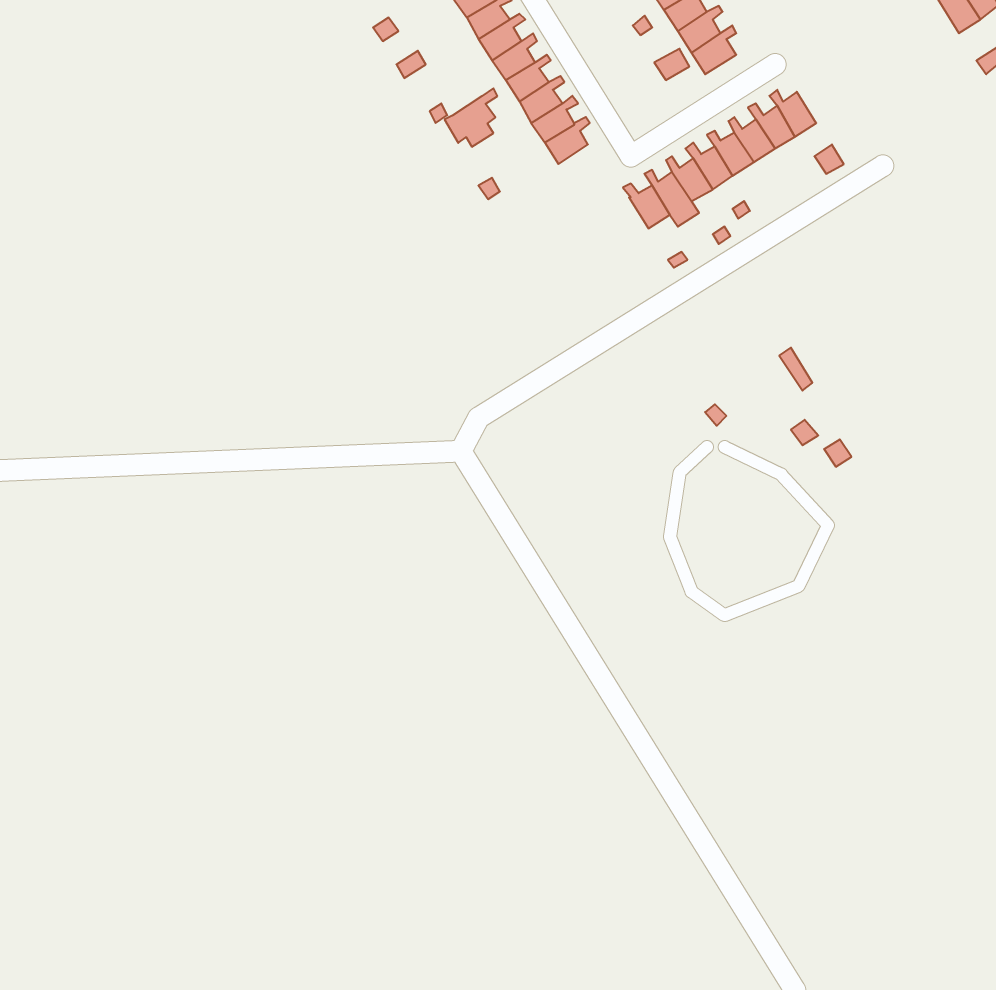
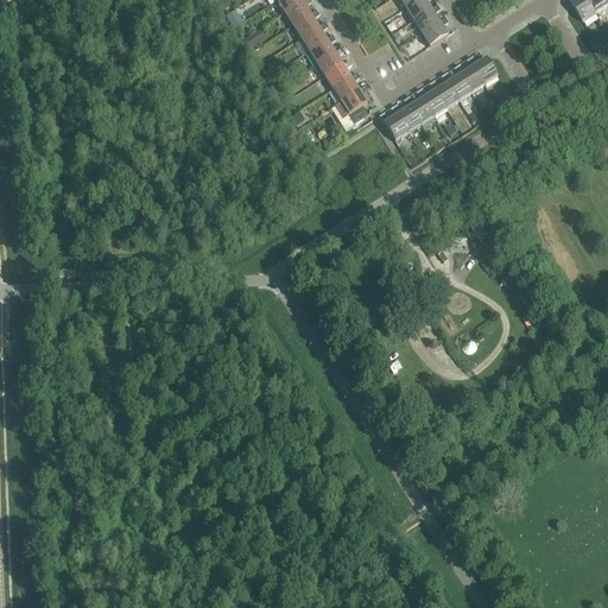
building: [445,88,497,147] -> [336,83,368,119]

